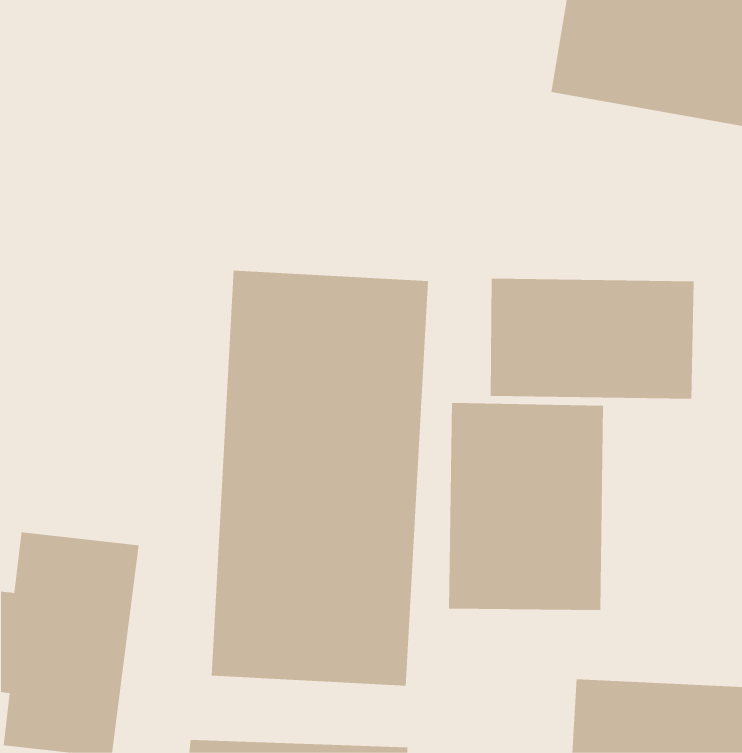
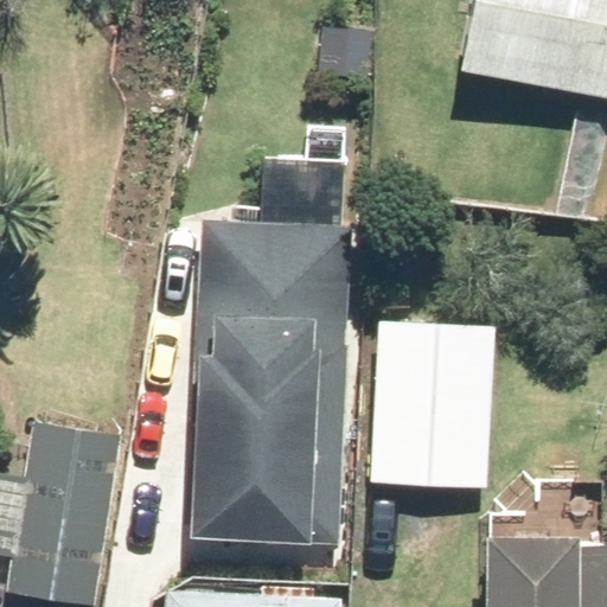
building: [490,278,694,399] -> none

